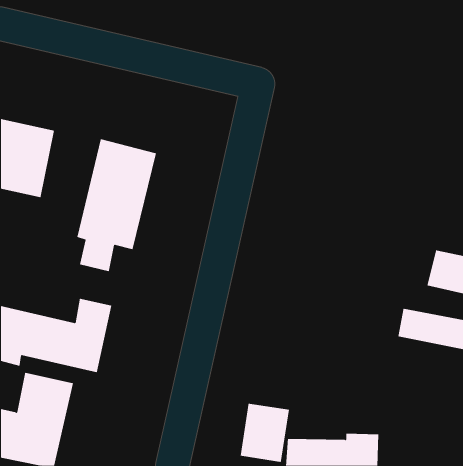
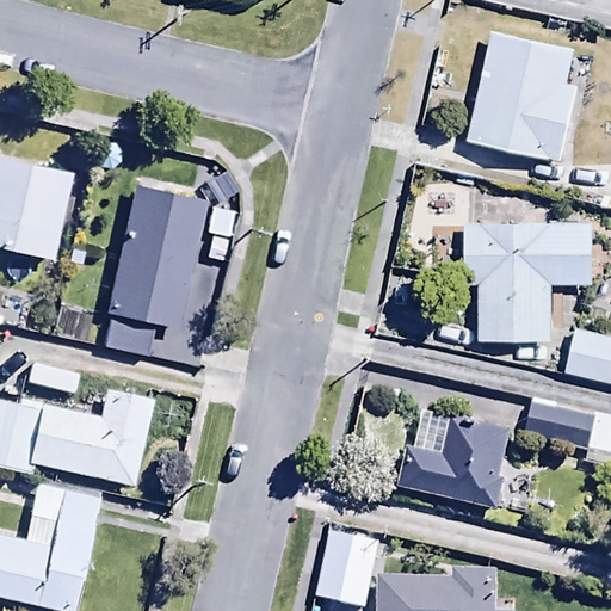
building: none -> [465,27,576,160]
building: none -> [462,223,590,340]
building: none -> [395,411,510,506]

